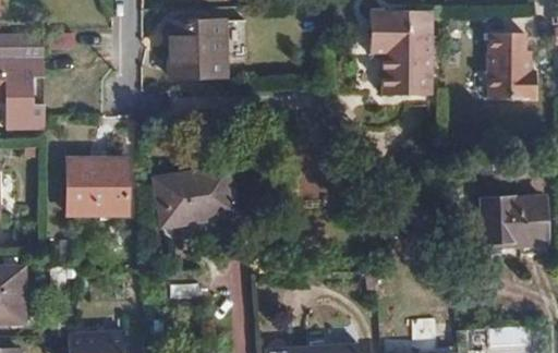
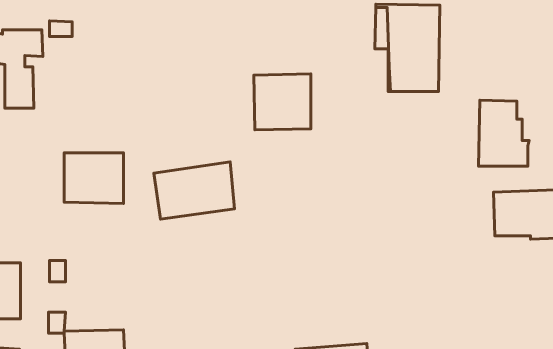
building: [168,22,223,76] -> [254,74,311,130]
building: [487,27,536,92] -> [479,100,529,166]

